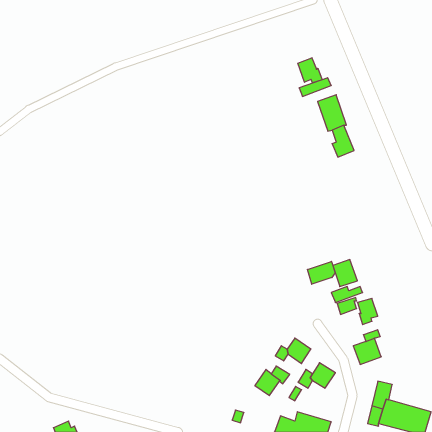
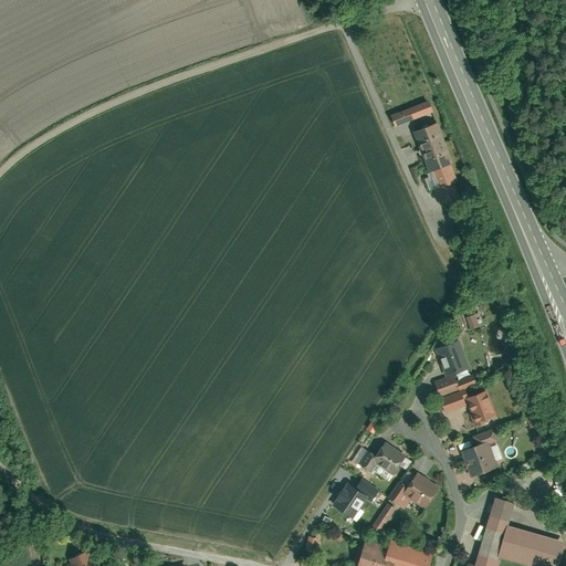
building: [298,58,322,83] -> none
building: [307,261,335,284] -> none

